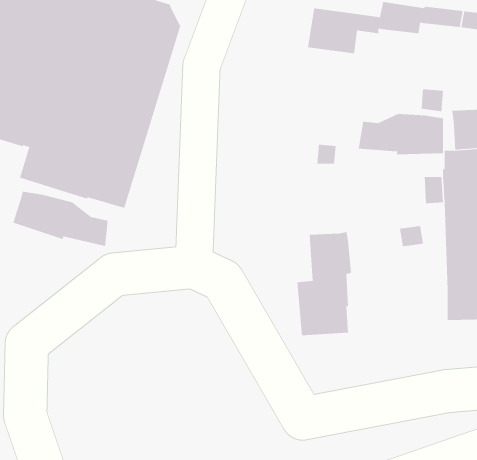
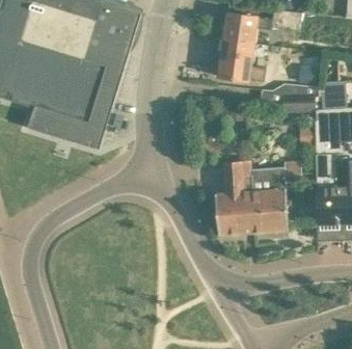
building: none -> [217,39,265,81]
building: [13,191,108,247] -> none
building: none -> [249,168,288,233]

